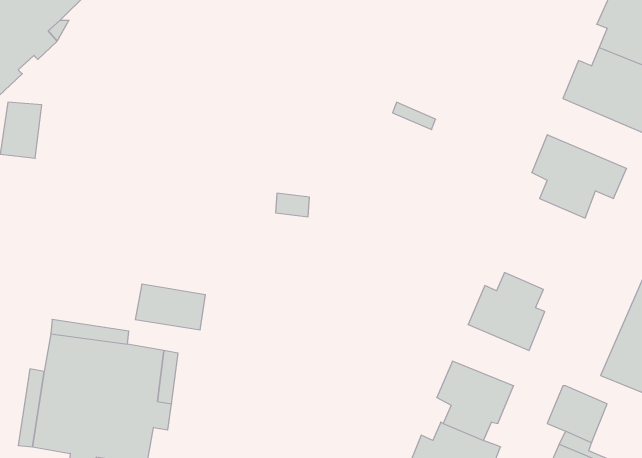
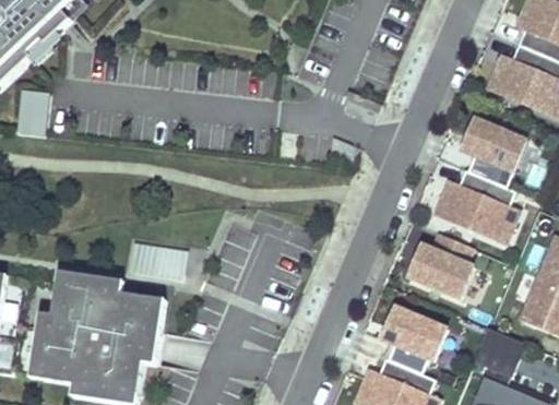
building: none -> [433,168,518,241]

